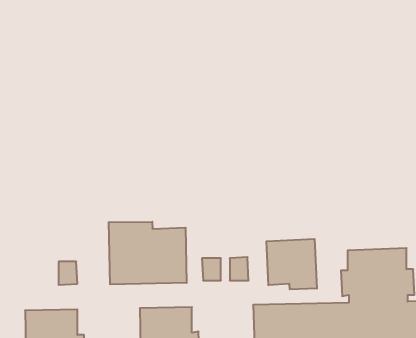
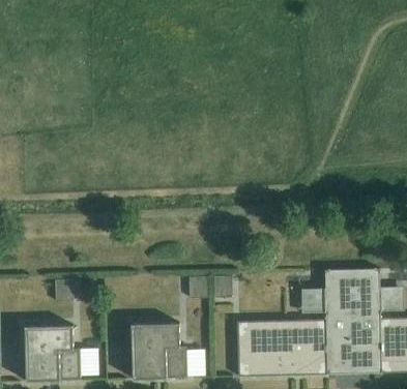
building: [109,222,187,284] -> none
building: [266,239,317,289] -> none

